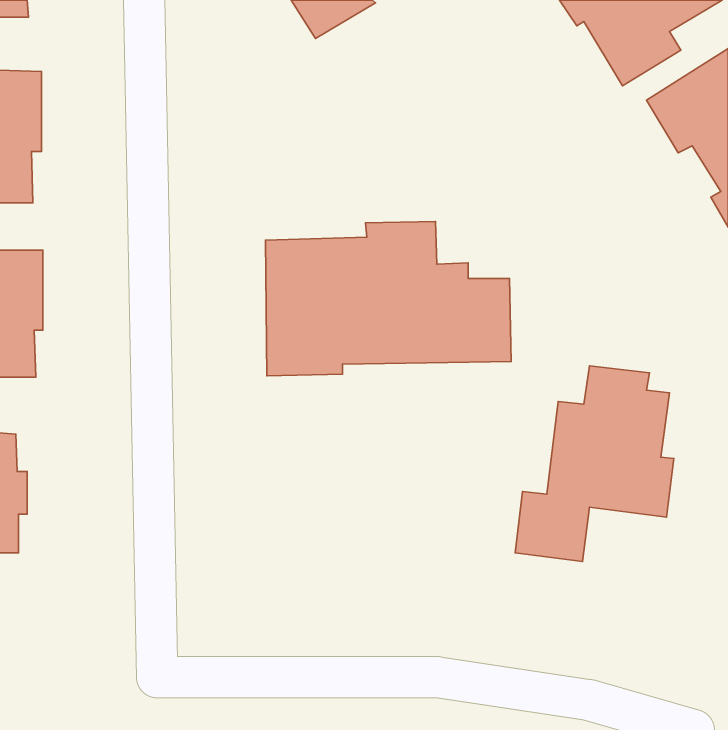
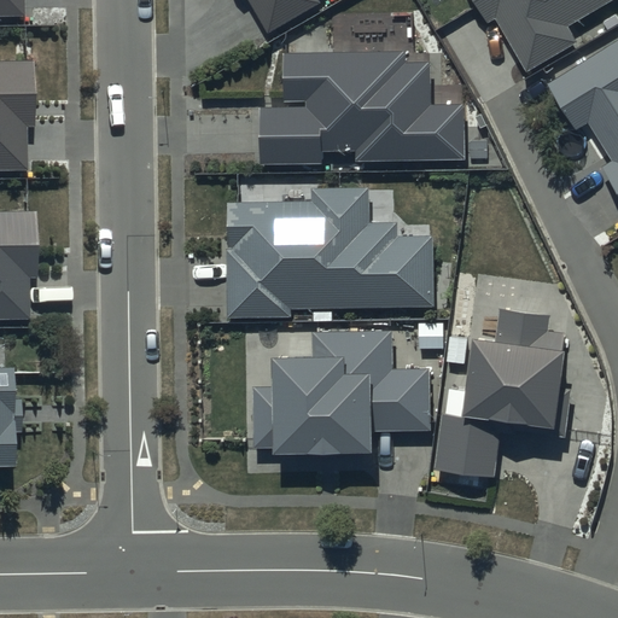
building: none -> [260,52,464,163]
building: none -> [251,330,430,455]

